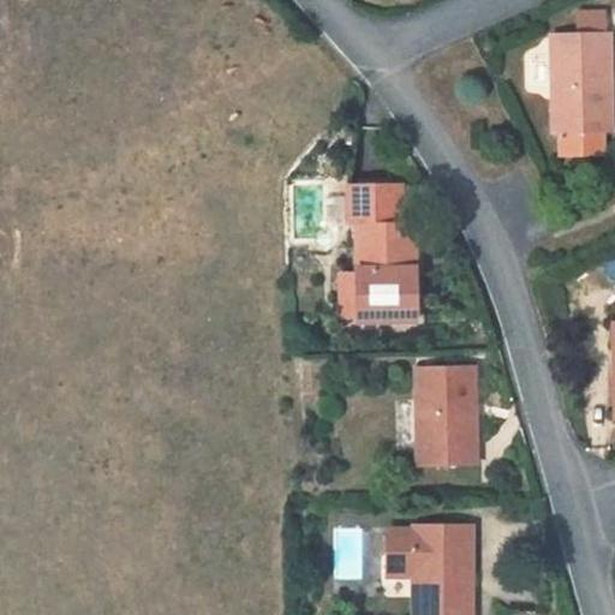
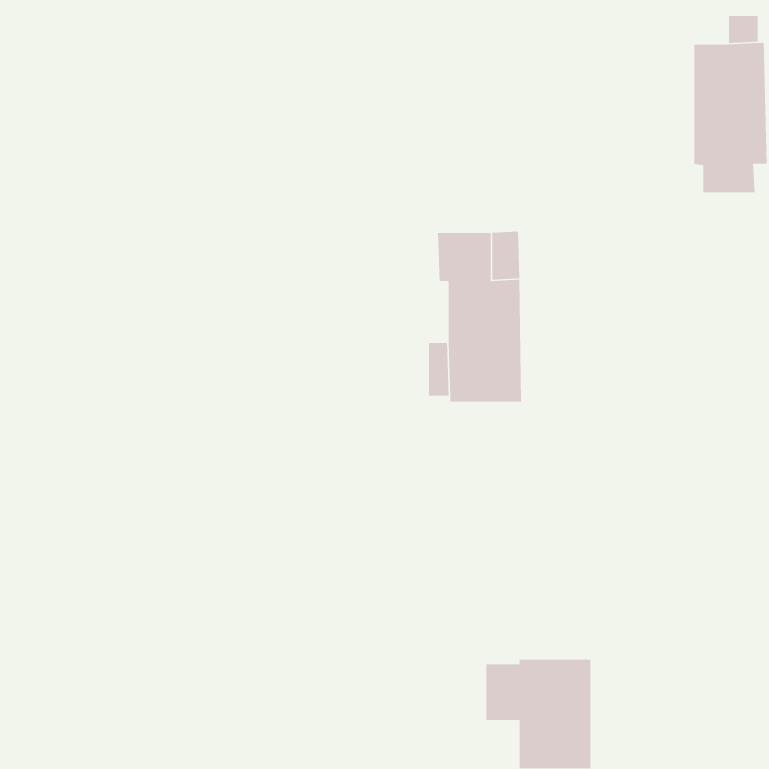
building: [416,366,476,464] -> none

